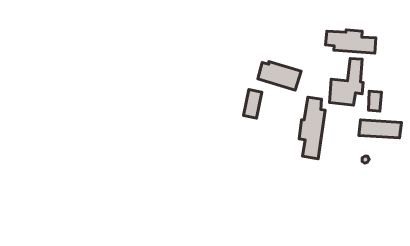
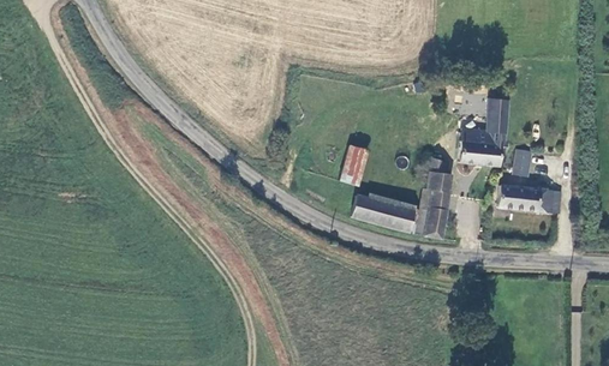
building: [325,30,376,53] -> none
building: [258,62,301,90] -> [353,193,413,233]

